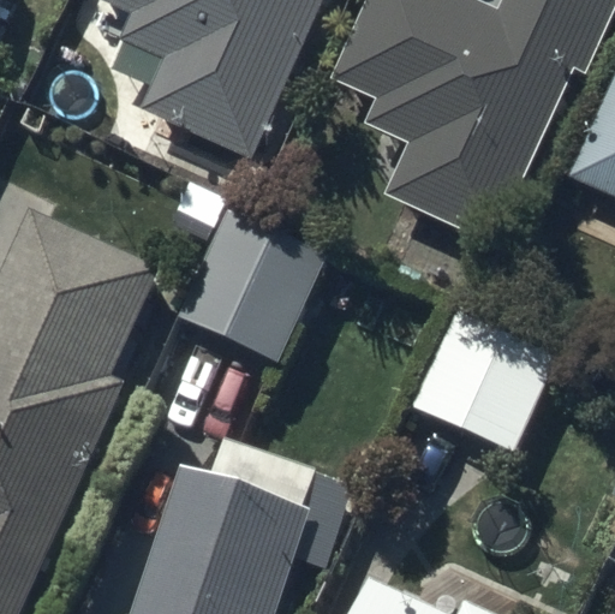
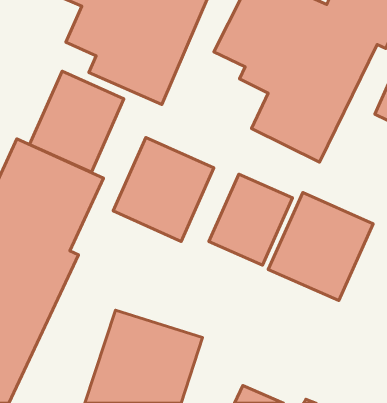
building: none -> [30,71,124,172]
building: none -> [209,174,293,265]

